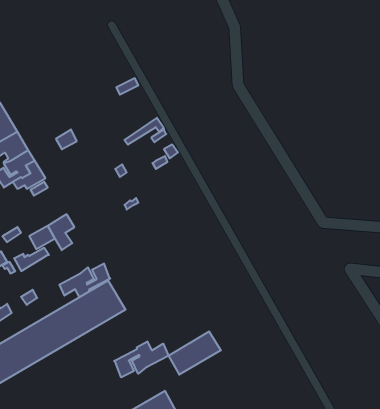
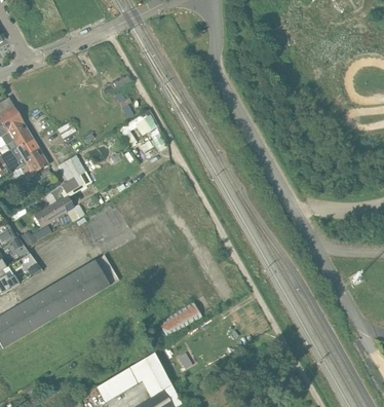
building: none -> [59,157,86,193]
building: [60,263,110,297] -> none
building: [114,341,169,377] -> none

